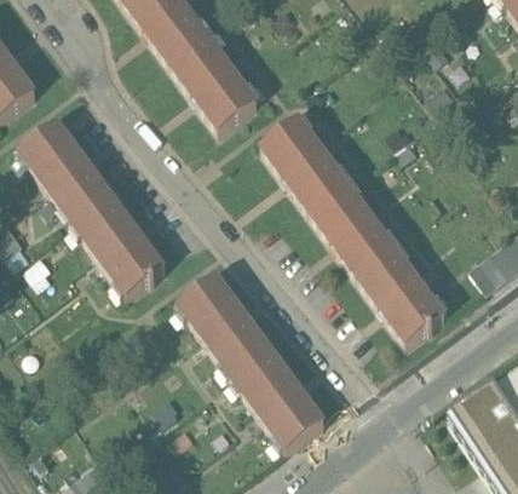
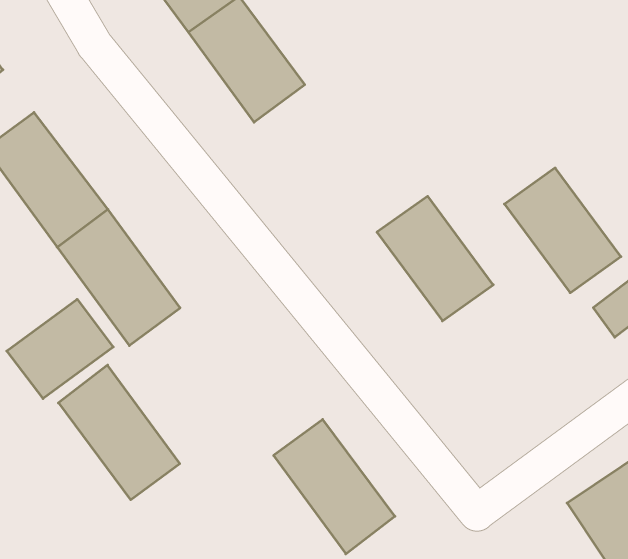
building: [264,121,350,213] -> none
building: [361,252,447,344] -> [504,168,621,293]
building: none -> [7,299,113,399]
building: [183,278,272,378] -> [58,365,180,500]

